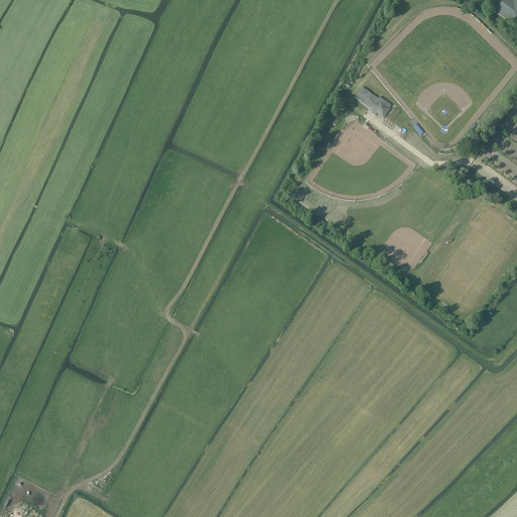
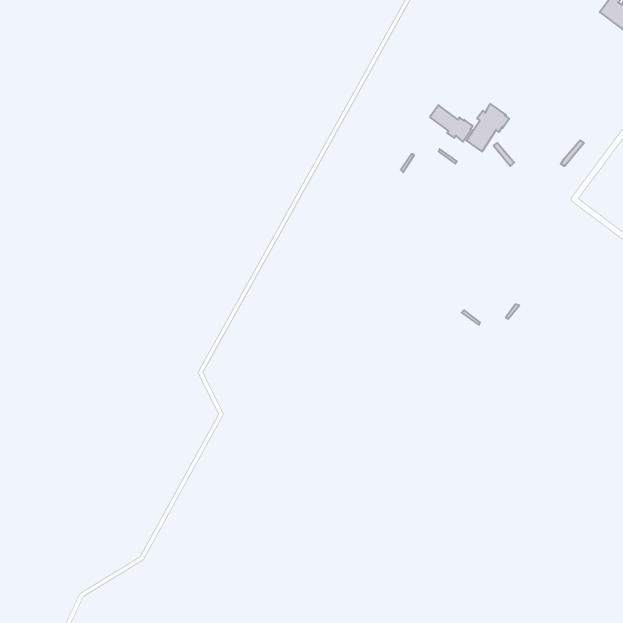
building: none -> [466,104,509,152]

